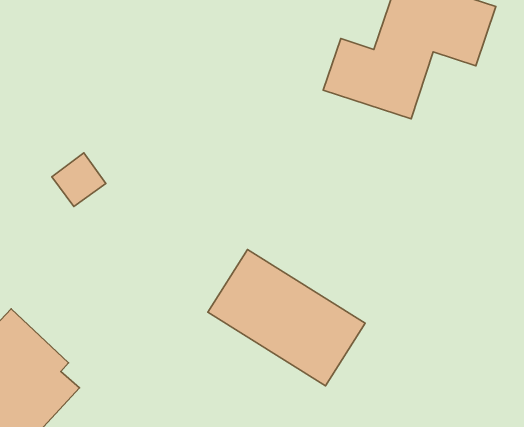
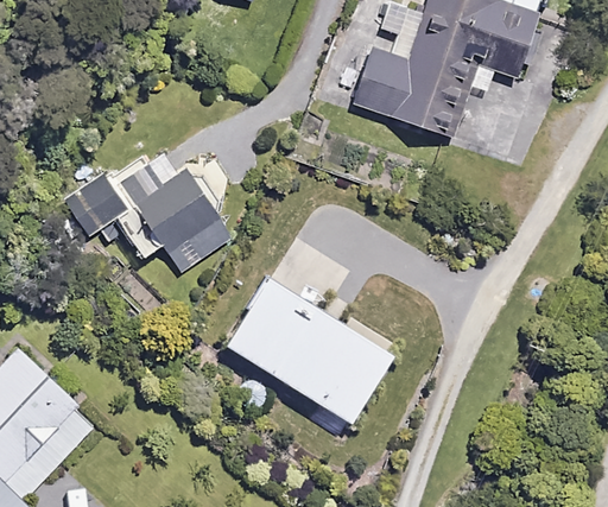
building: none -> [116,154,235,271]

